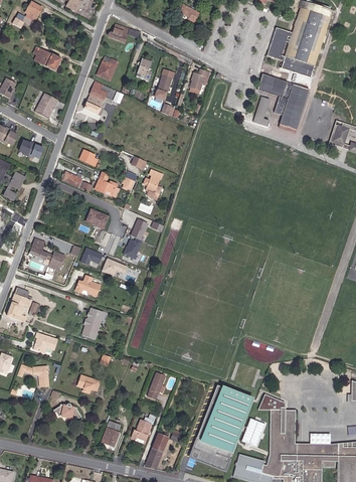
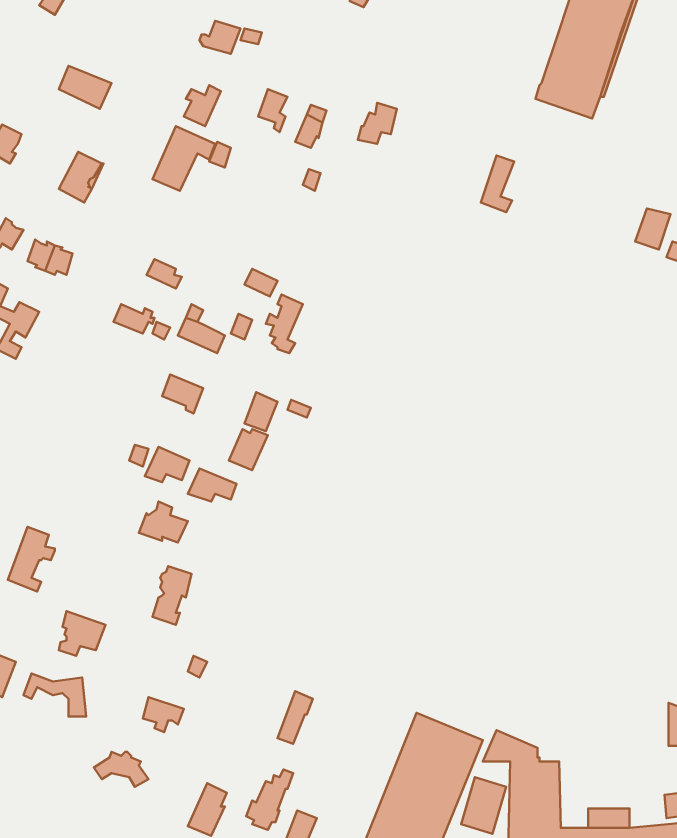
building: [269,26,294,59] -> none
building: [256,74,310,133] -> none
building: [32,239,66,269] -> none

